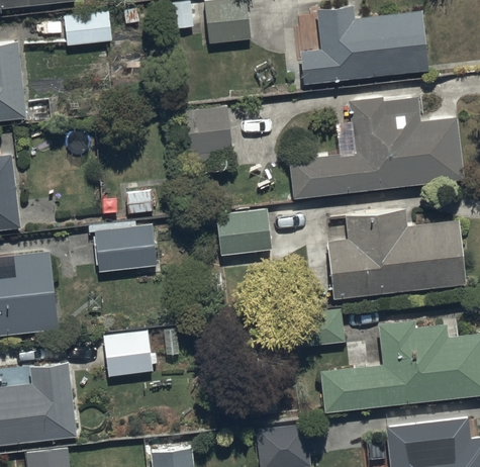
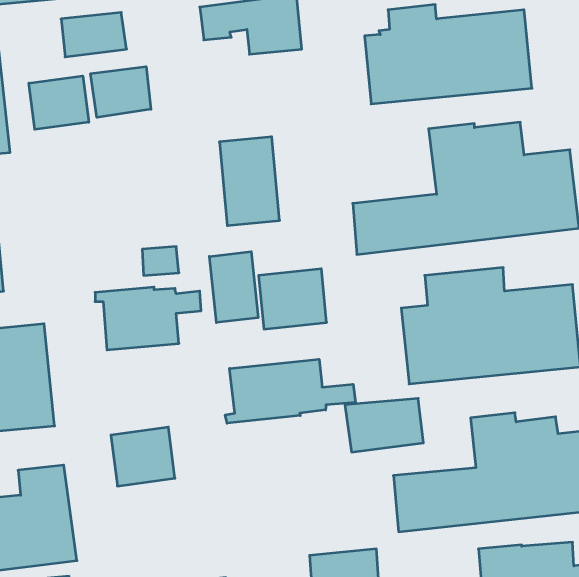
building: none -> [91,67,151,117]
building: none -> [29,76,89,129]
building: none -> [209,252,258,323]
building: none -> [225,359,356,423]

